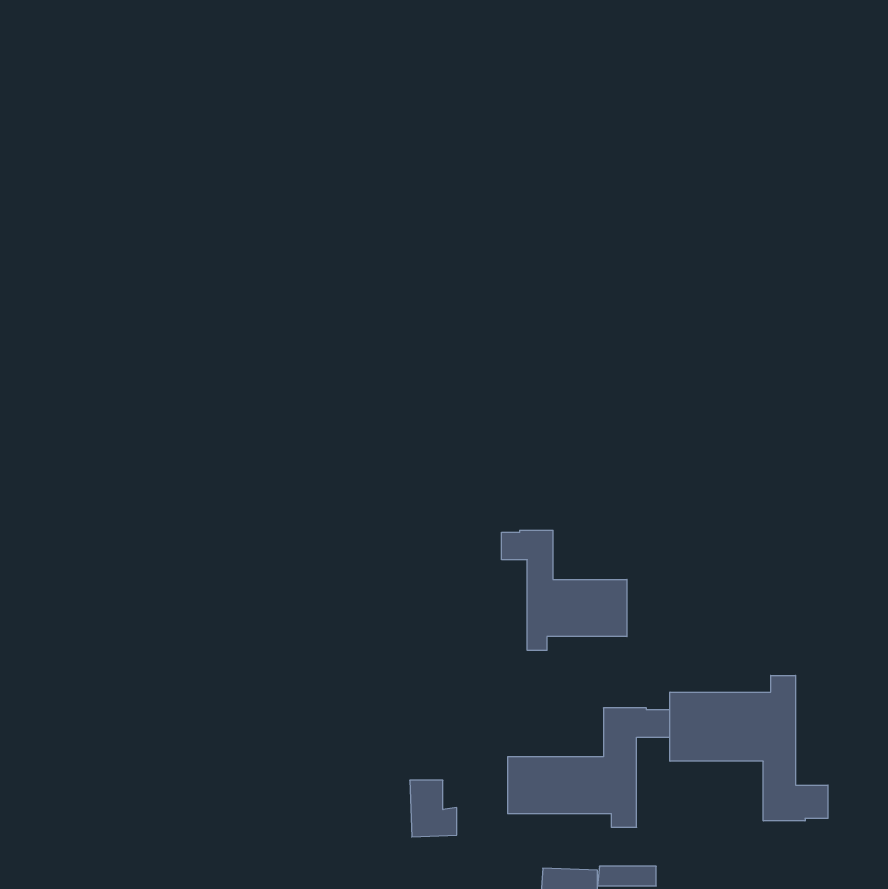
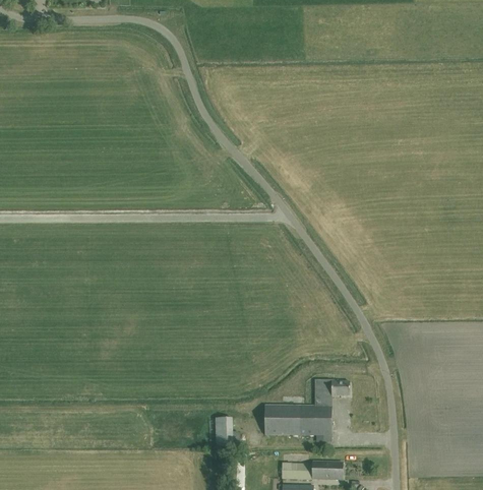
building: [502,530,627,650] -> none
building: [670,675,828,821] -> none

